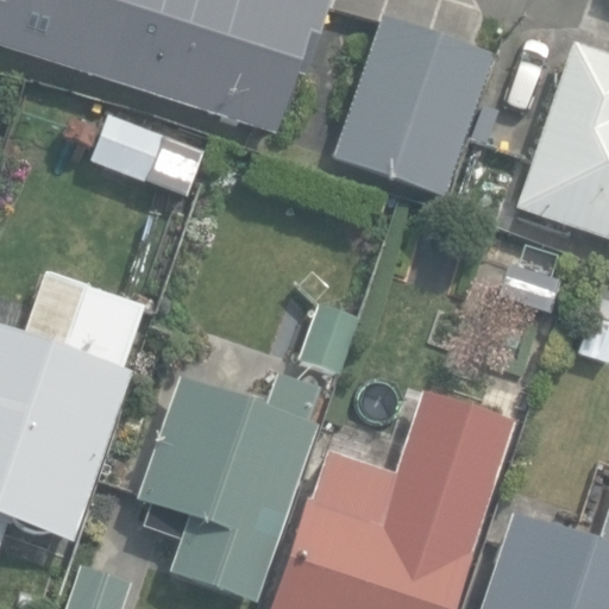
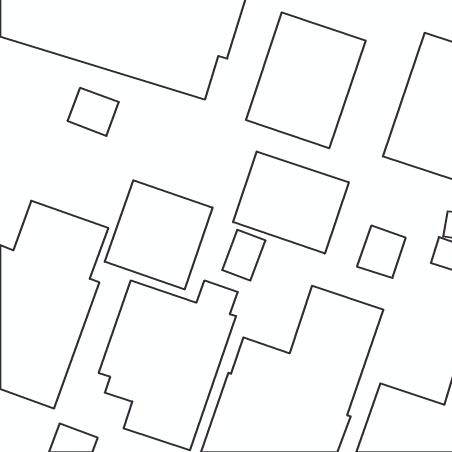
building: none -> [233,151,349,254]
building: none -> [105,180,213,289]

